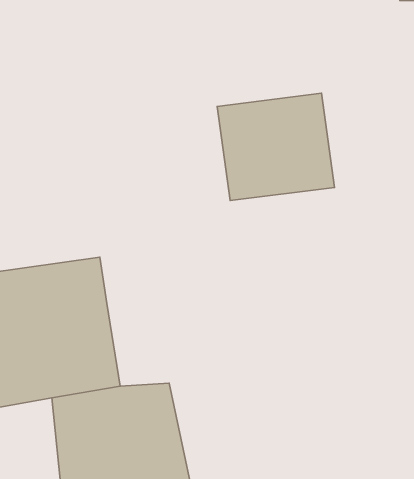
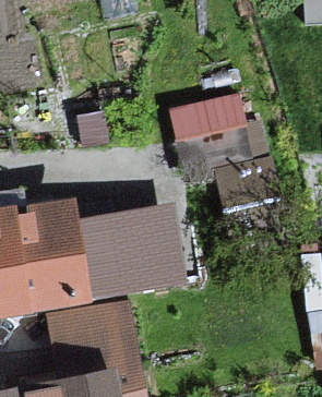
building: none -> [85,218,181,300]

